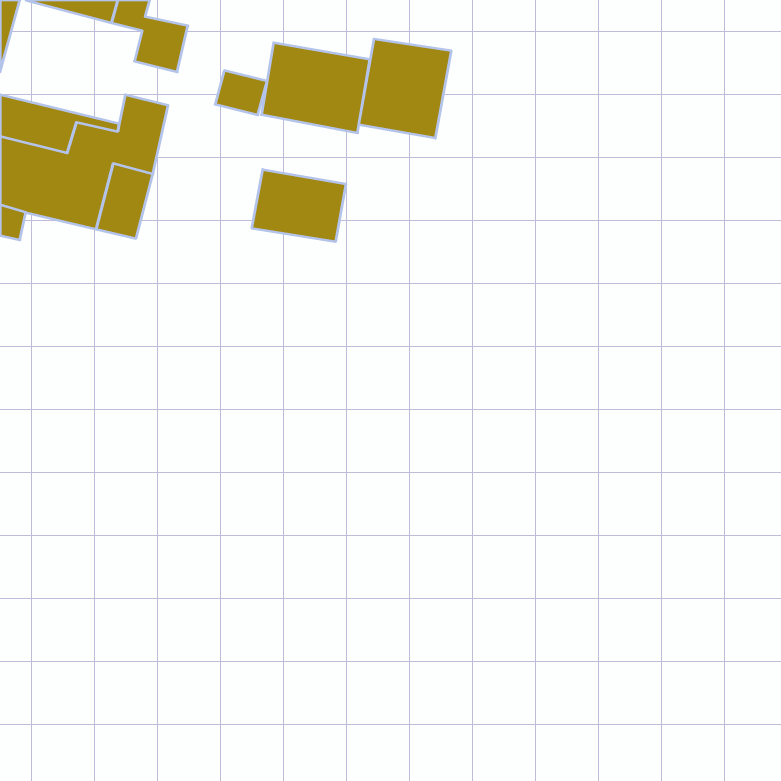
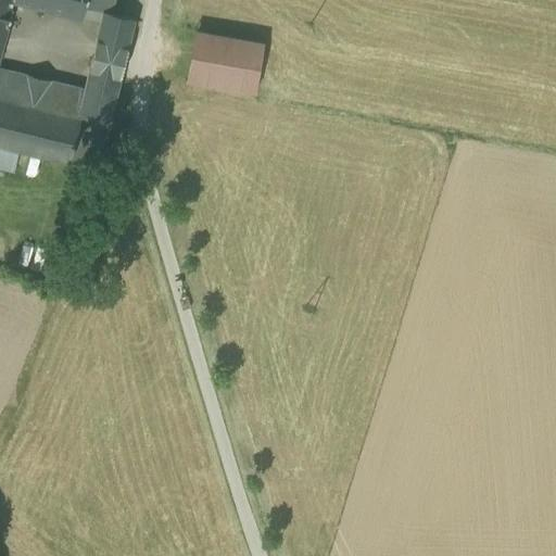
building: [359,39,451,138] -> none
building: [215,71,267,115] -> [89,43,126,75]
building: [252,169,346,242] -> none

